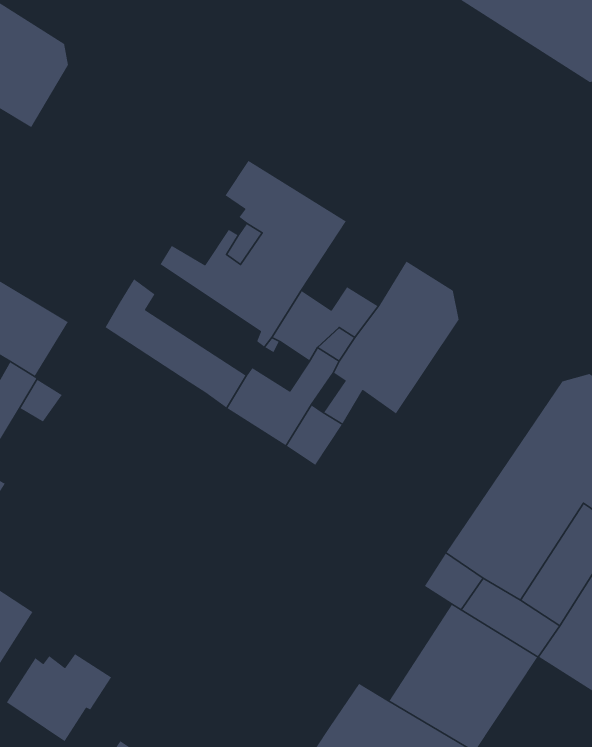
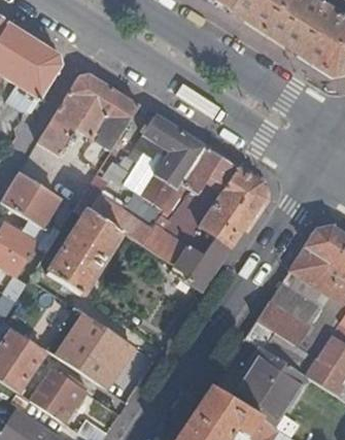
building: none -> [33,73,139,164]
building: none -> [182,147,237,194]
building: none -> [49,203,124,296]
building: none -> [186,236,232,292]
building: none -> [47,307,131,386]

